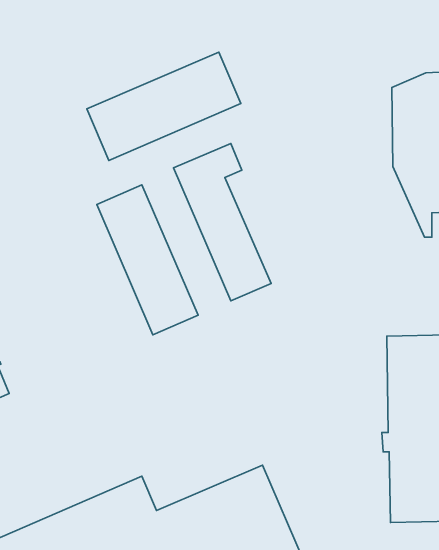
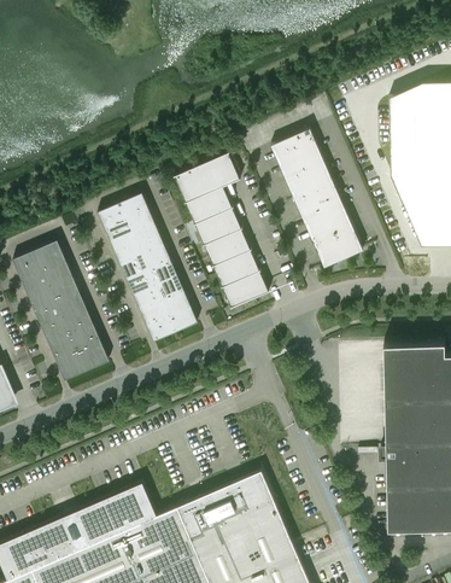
building: [87,52,241,160] -> none
building: none -> [271,129,363,268]
building: none -> [13,241,110,381]

